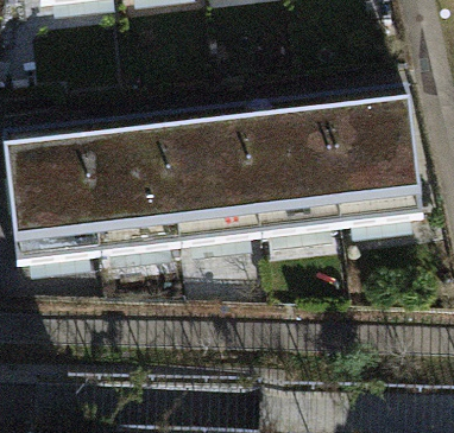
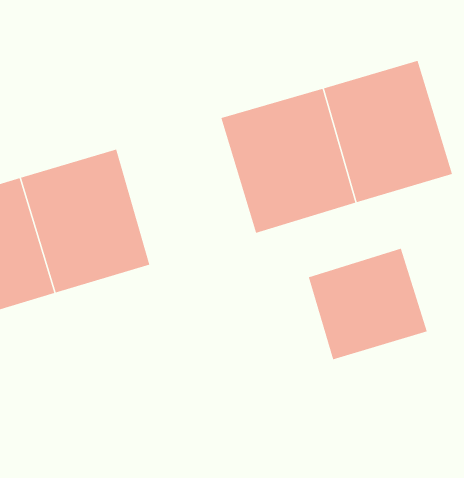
building: [160,122,256,225] -> none
building: none -> [308,248,427,360]

